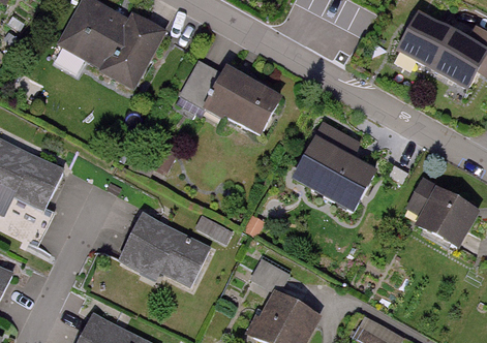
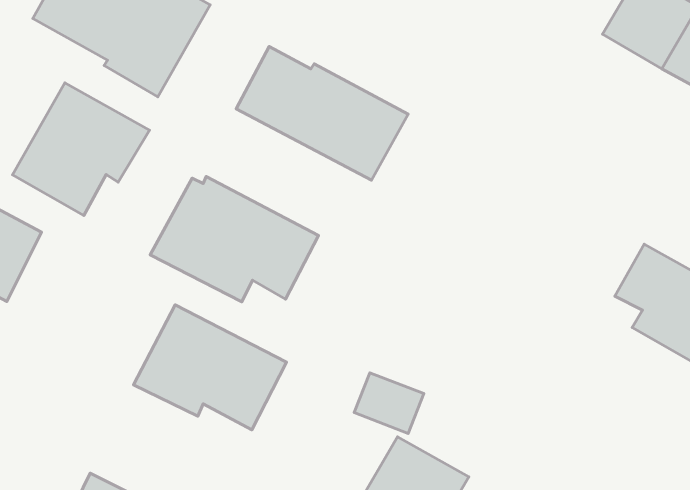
building: none -> [13,83,149,215]
building: [306,122,375,212] -> none
building: none -> [150,177,318,302]

